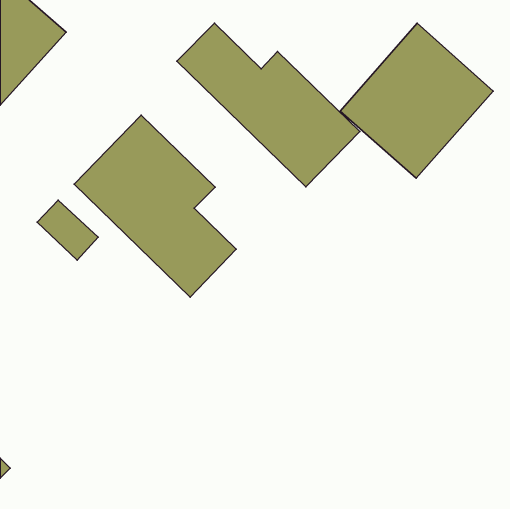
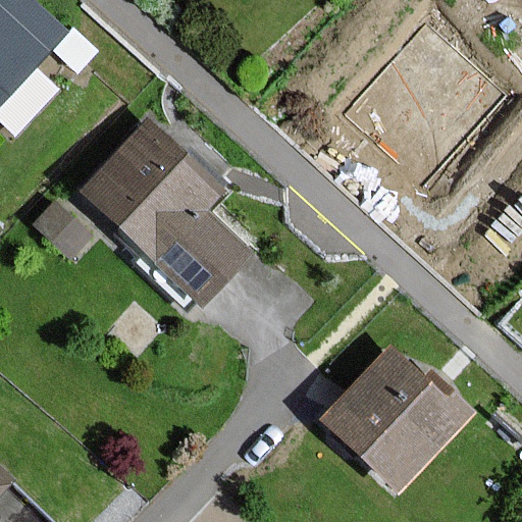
building: [177,23,360,187] -> none
building: none -> [322,346,467,490]

